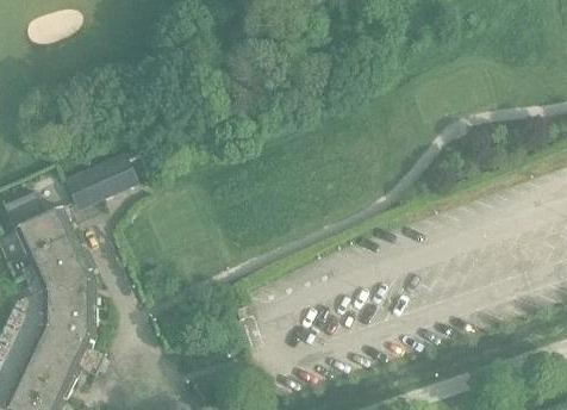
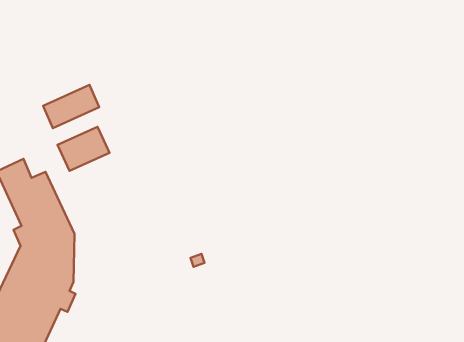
building: none -> [43,85,99,128]

